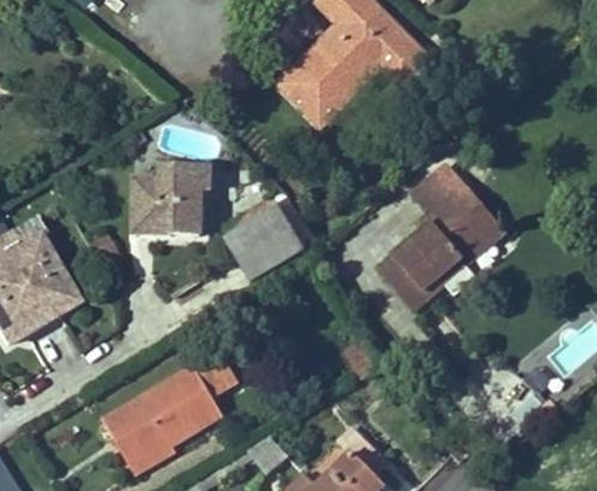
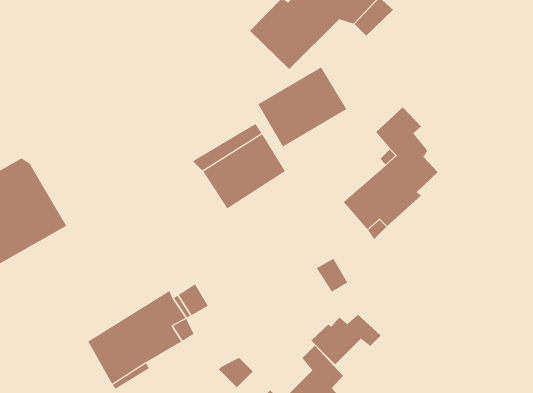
building: none -> [257,67,347,148]
building: [131,157,216,233] -> none
building: [457,188,503,263] -> none
building: none -> [311,314,382,365]

